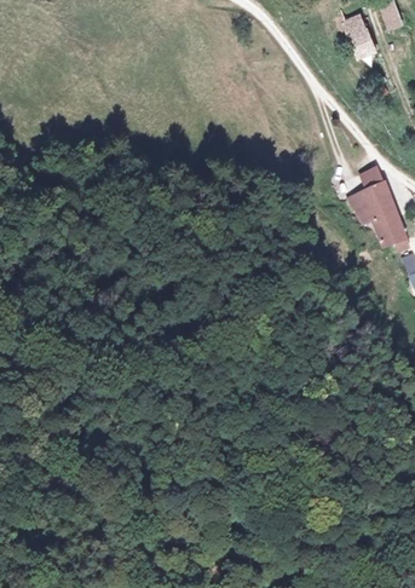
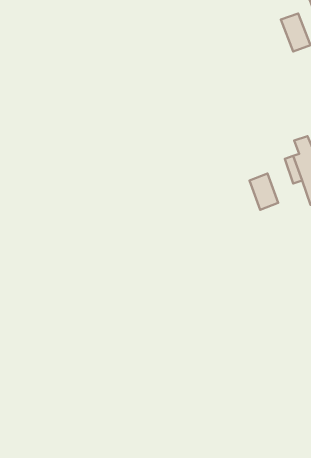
building: none -> [250,174,278,210]

